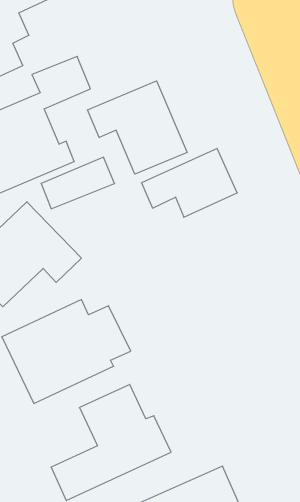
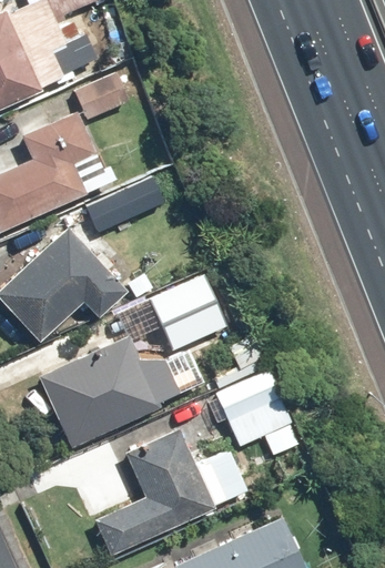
building: [88,81,187,174] -> none
building: [141,149,237,217] -> [121,274,226,349]
building: none -> [215,371,301,456]

